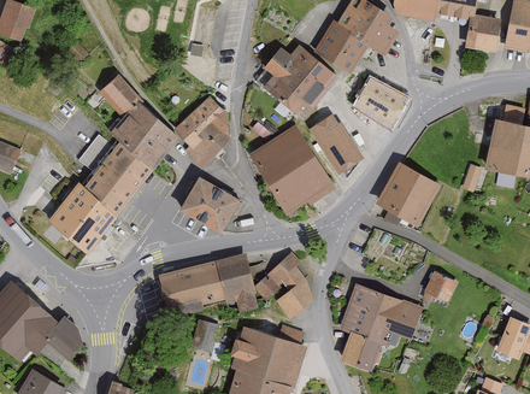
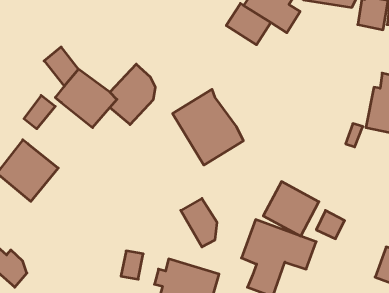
building: [264,46,338,116] -> none
building: [357,80,406,124] -> none
building: [304,112,365,174] -> none
building: [81,140,158,218] -> none
building: [373,164,440,229] -> [263,182,319,236]
building: [183,176,243,231] -> none
building: [155,258,255,313] -> none

